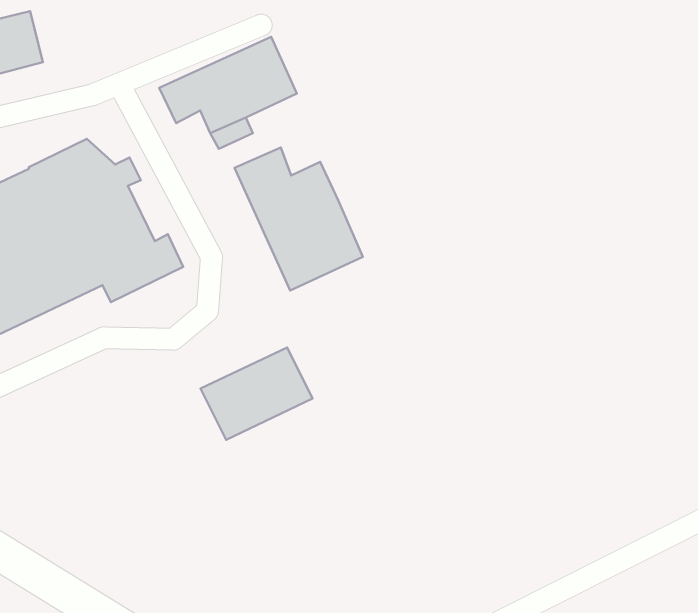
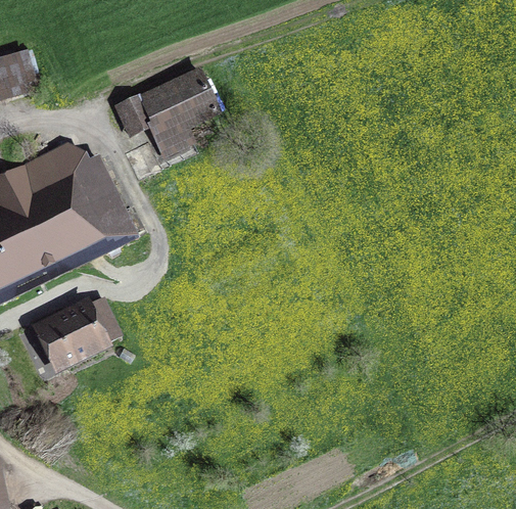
building: [235,148,363,290] -> none
building: [200,347,313,440] -> [38,297,119,364]

